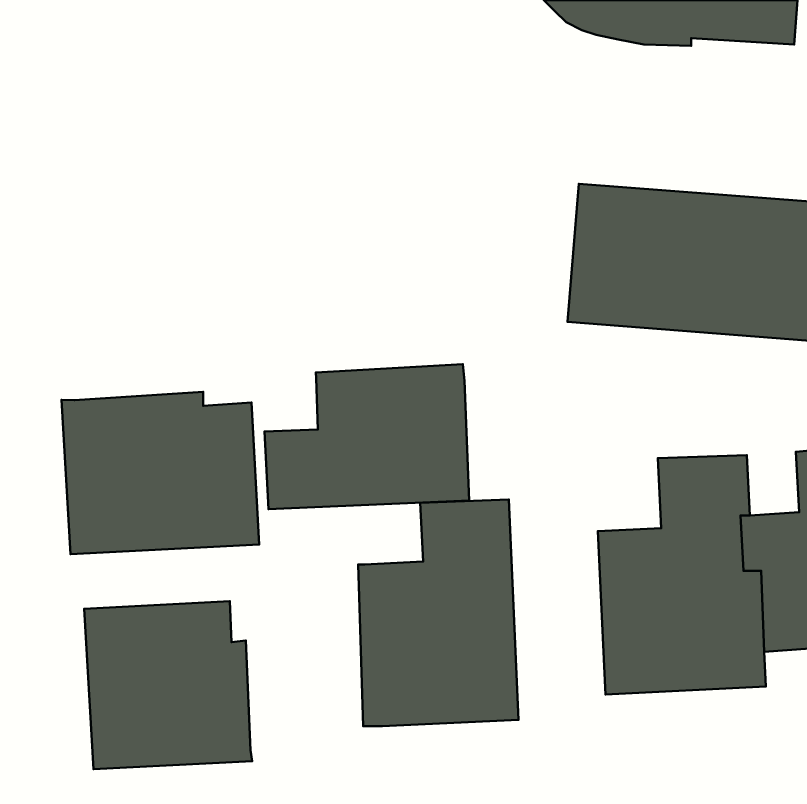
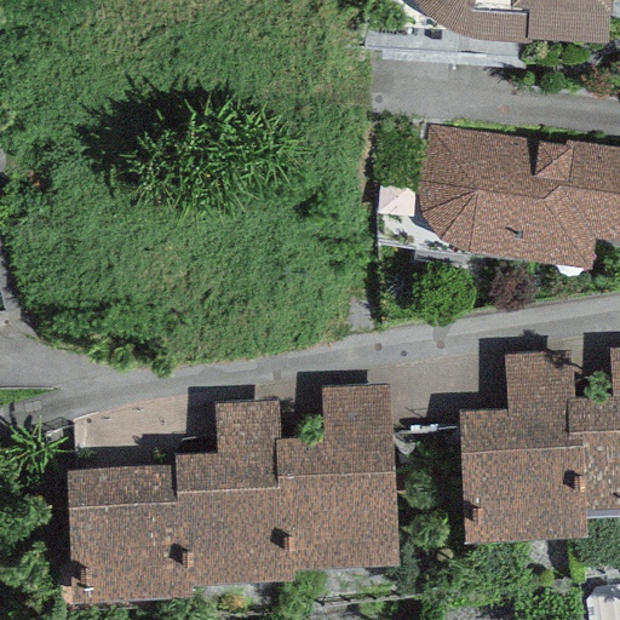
building: [264,364,469,509] -> none
building: [61,392,259,554] -> none
building: none -> [178,403,294,578]

